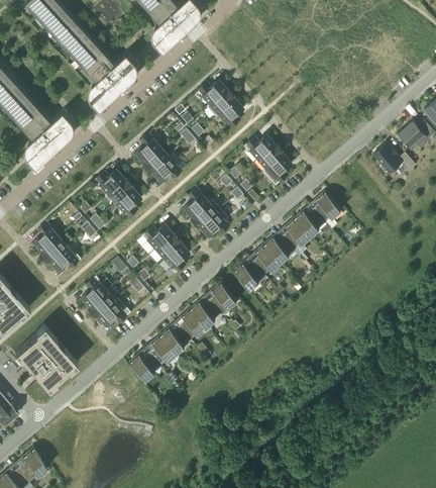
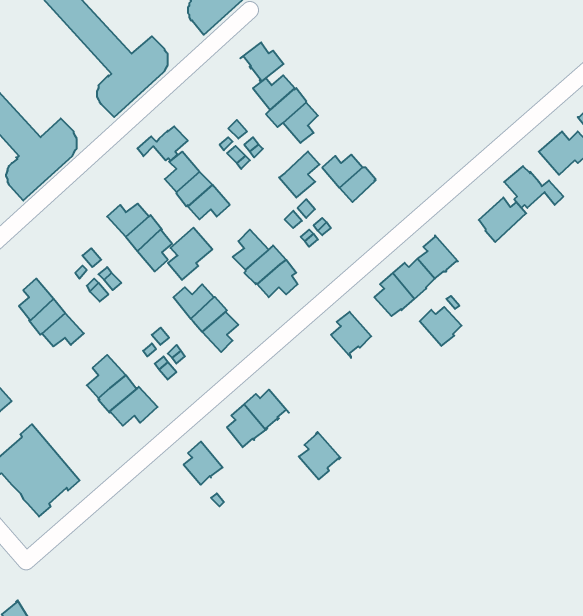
building: none -> [240,42,284,82]
building: none -> [137,126,188,161]
building: [263,154,292,186] -> [279,151,320,198]
building: none -> [479,197,526,242]
building: none -> [168,228,212,280]
building: [265,235,295,263] -> [420,307,462,346]
building: [234,262,266,290] -> none
building: [209,283,238,316] -> [299,432,341,479]
building: [161,326,191,355] -> none
building: [130,353,161,381] -> none

